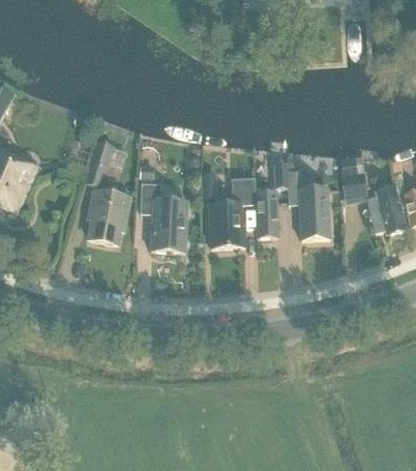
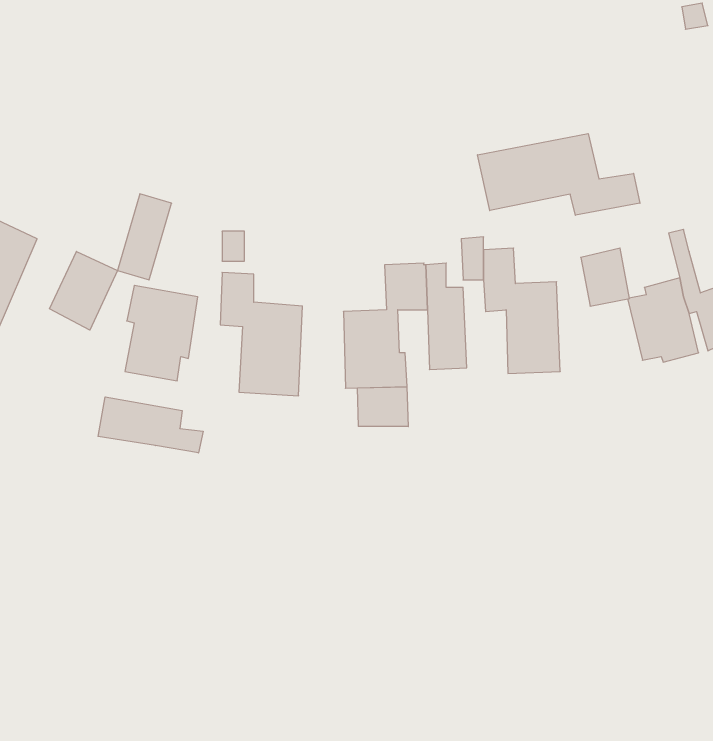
building: none -> [478,134,640,215]
building: none -> [50,251,117,330]
building: none -> [358,387,408,427]
building: none -> [98,397,203,453]

